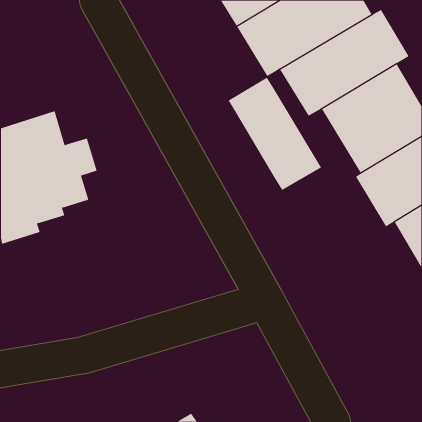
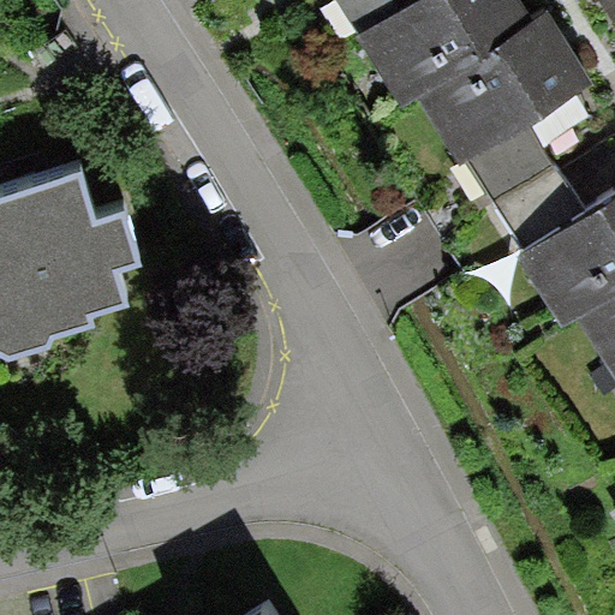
building: [228,77,322,191] -> none

